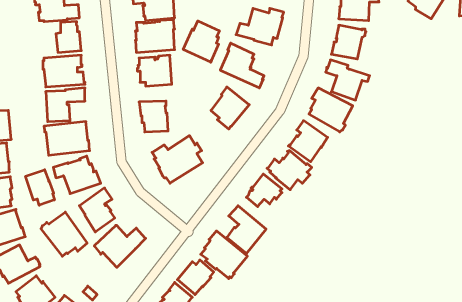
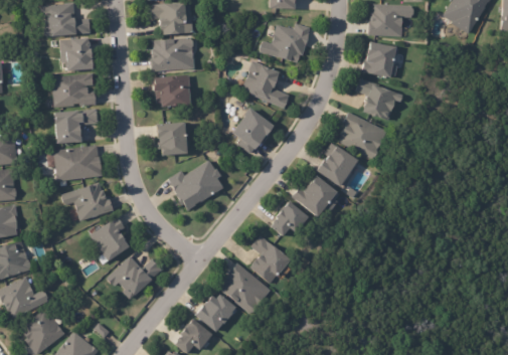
building: [183,21,219,62] -> none
building: [26,170,54,205] -> none
building: [41,212,87,256] -> none

